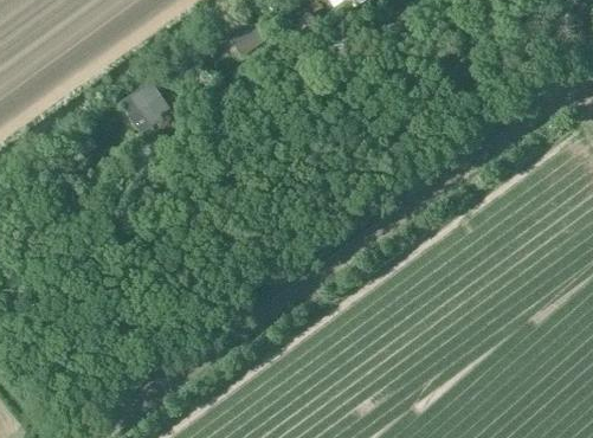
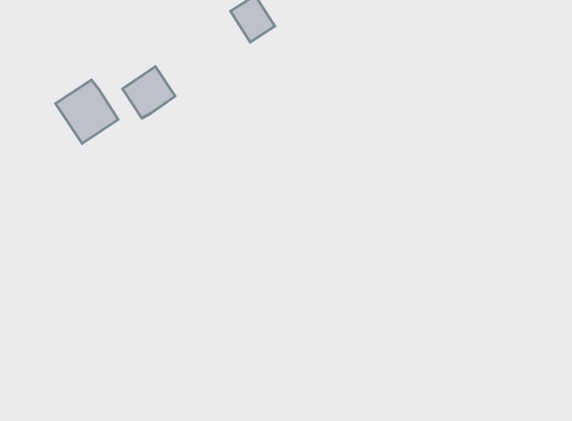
building: none -> [56,80,118,144]

